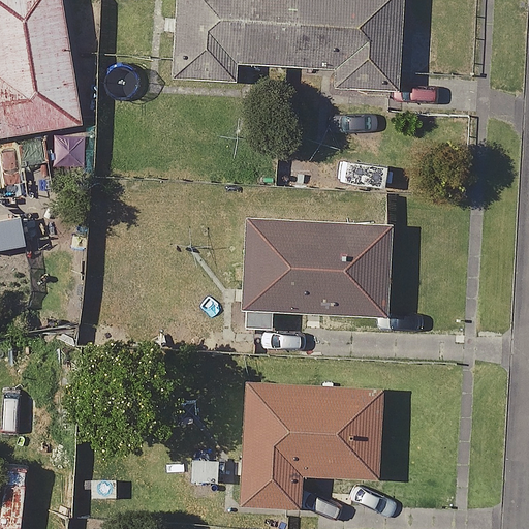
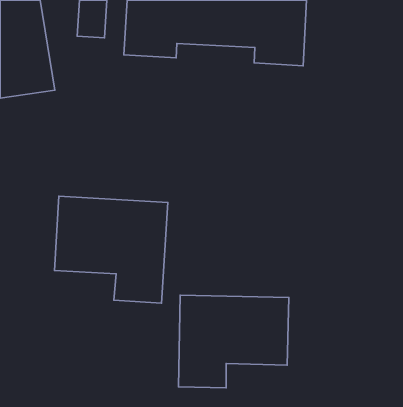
building: [243,219,392,326] -> none
building: none -> [55,196,168,303]

